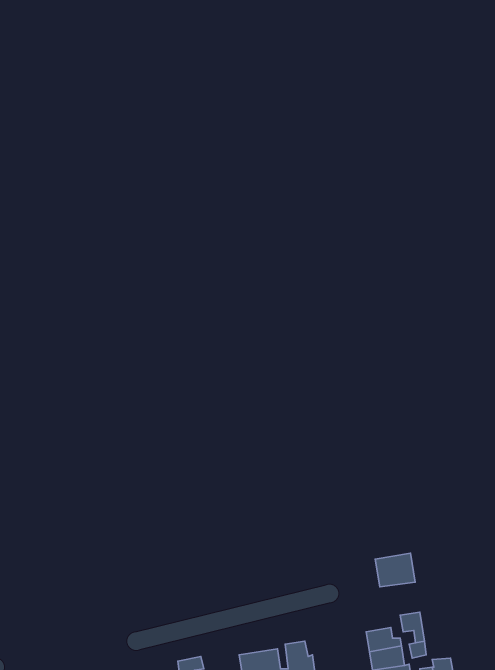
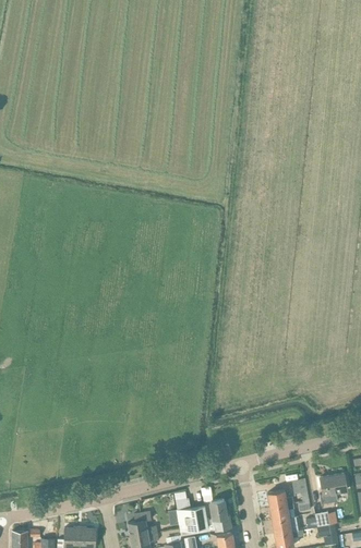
building: [375,553,415,587] -> [317,473,346,497]

